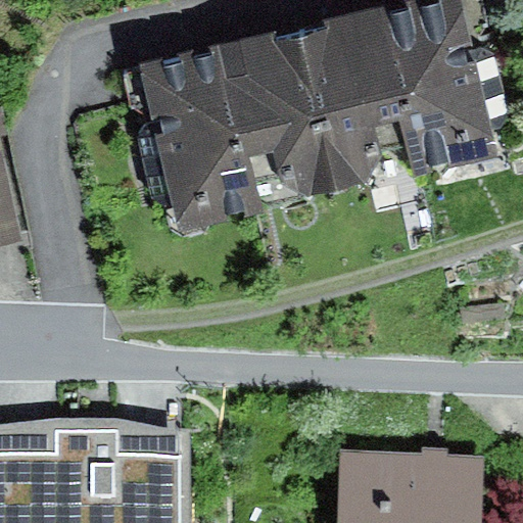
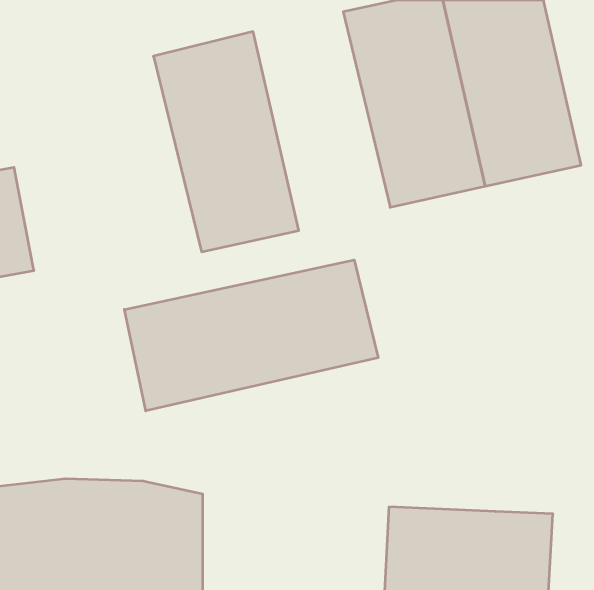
building: [221,17,340,208] -> none
building: none -> [124,260,378,411]

